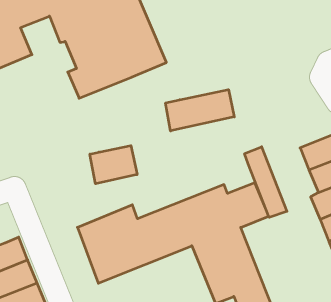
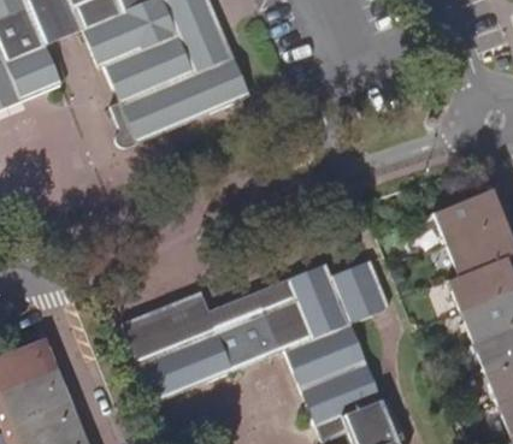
building: [166,90,234,131] -> none
building: [90,146,137,184] -> none
building: [245,147,287,217] -> none

